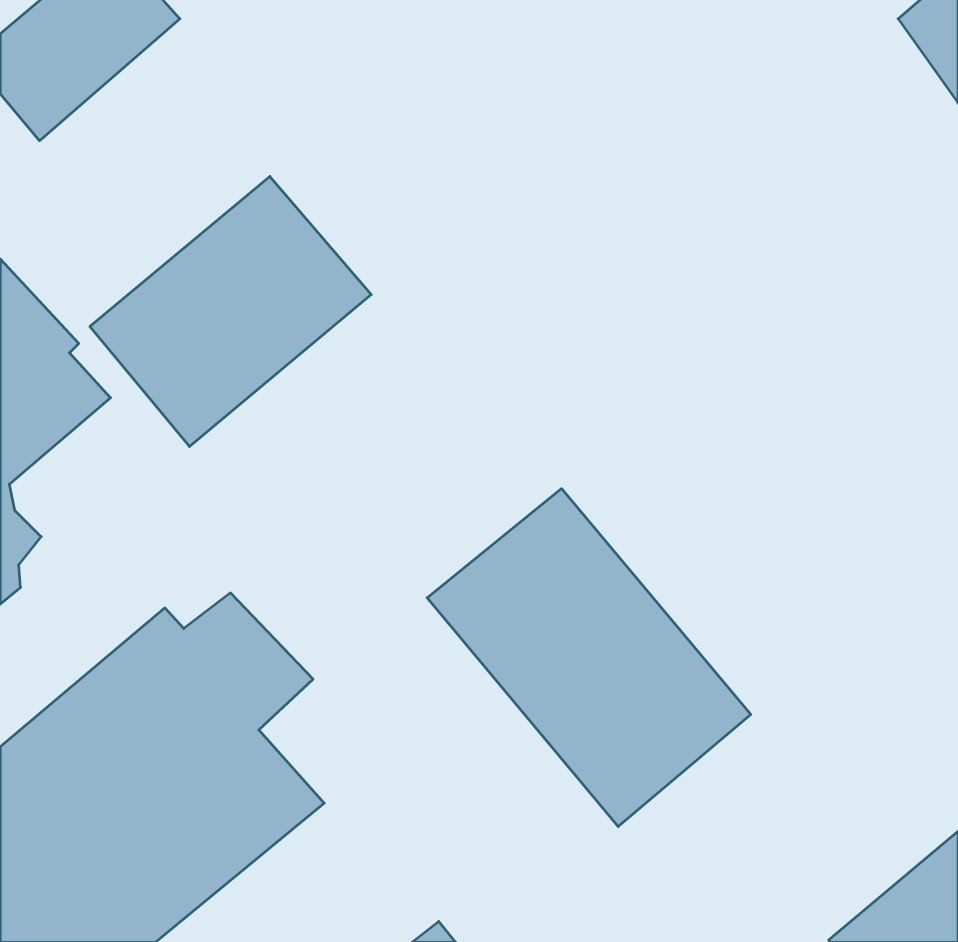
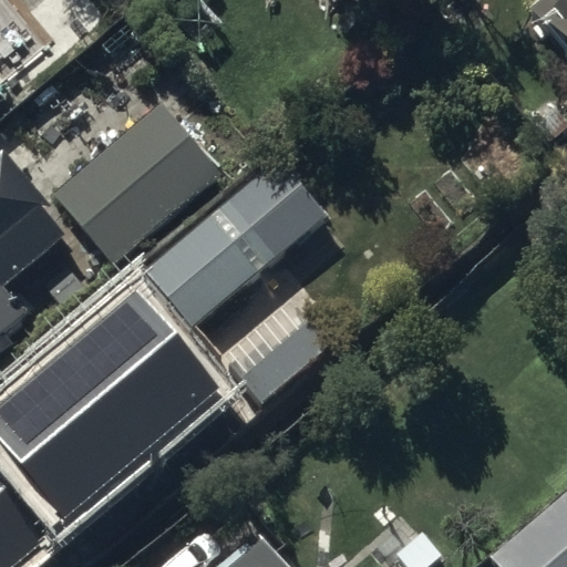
building: none -> [143,156,327,328]
building: [427,489,751,827] -> none

